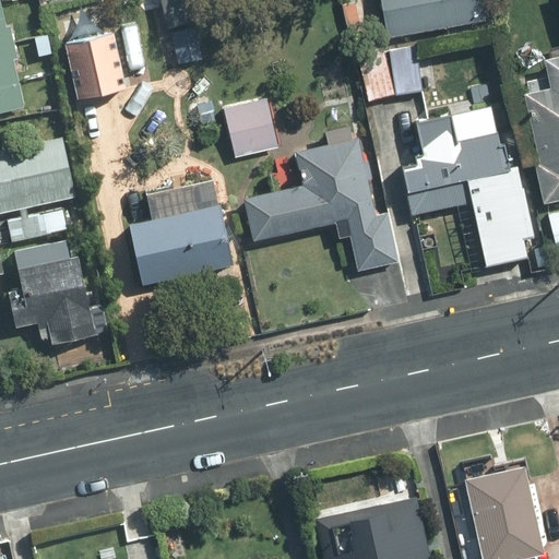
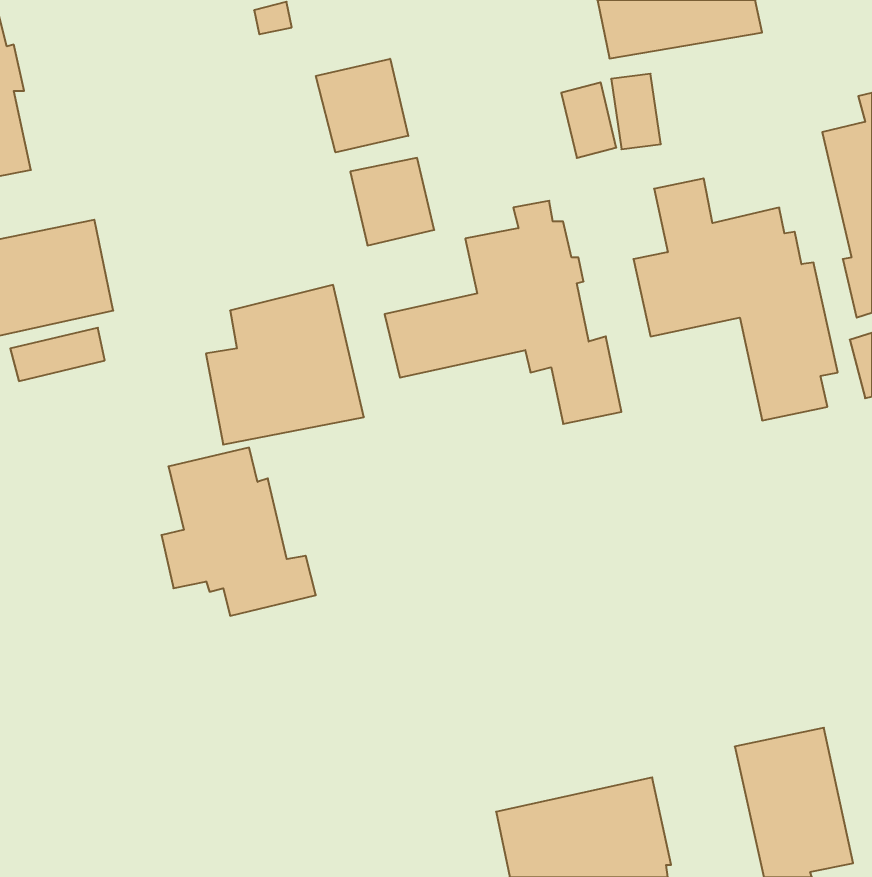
building: [67,35,124,99] -> none
building: none -> [316,59,408,152]
building: [9,238,107,345] -> [161,448,316,616]

